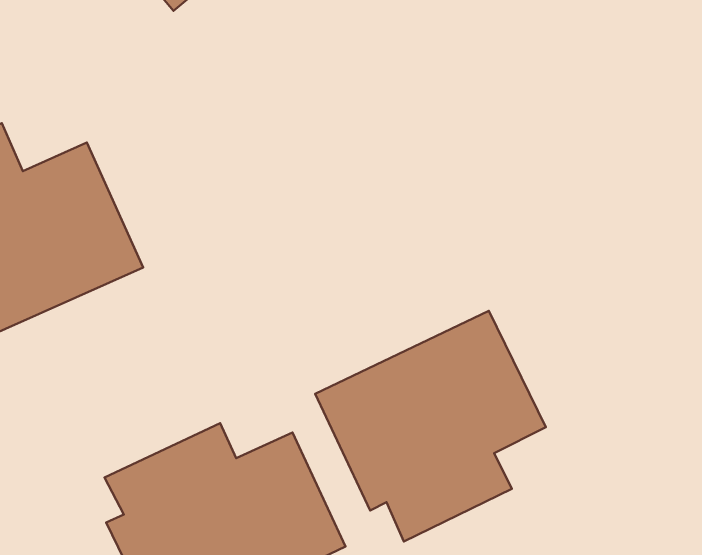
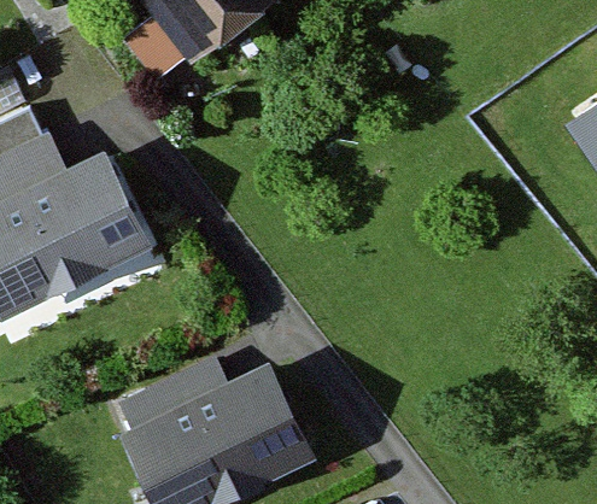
building: [315,311,546,541] -> none

